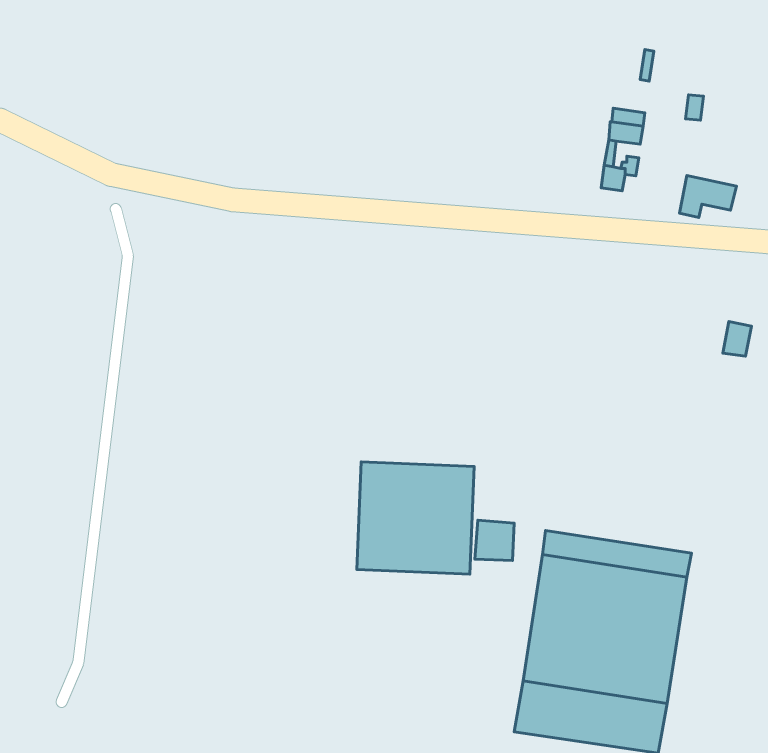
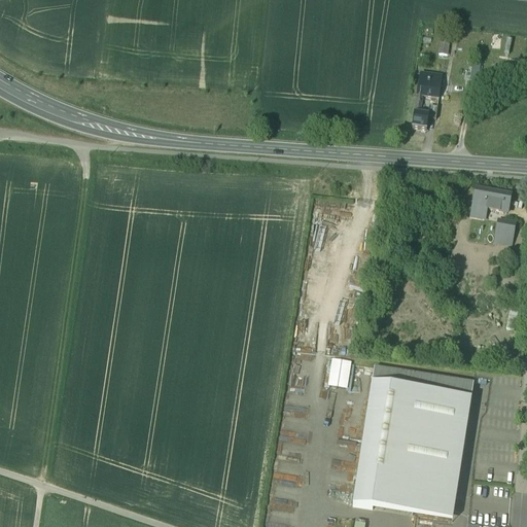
building: [679,176,737,218] -> [471,189,511,218]
building: [357,462,474,574] -> none

